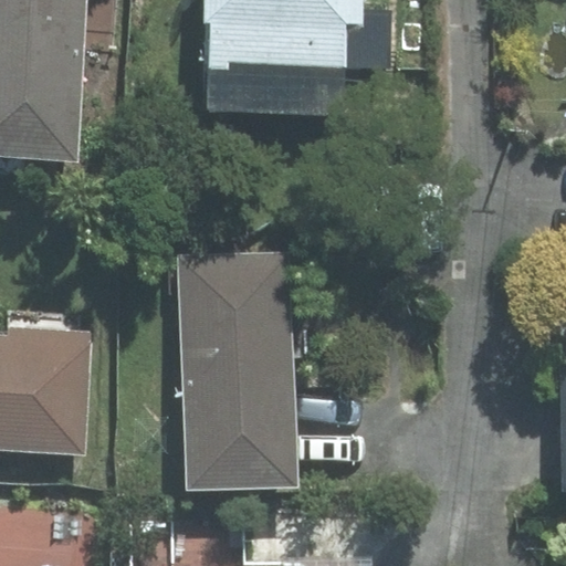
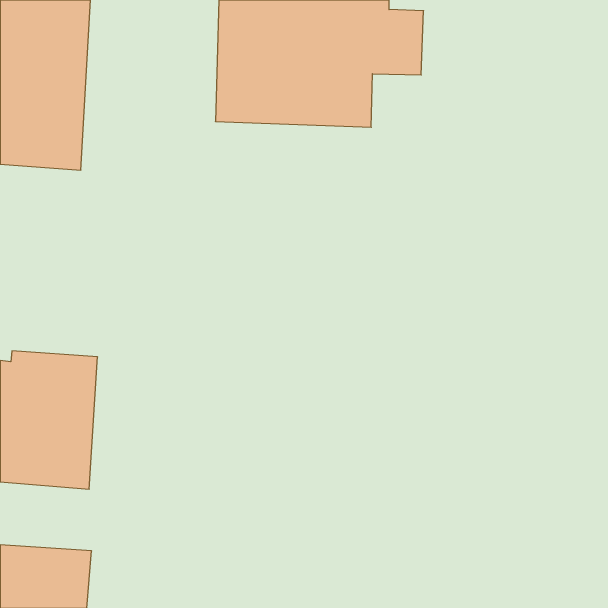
building: [182,254,295,488] -> none

